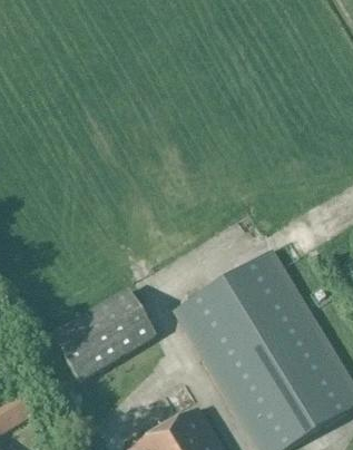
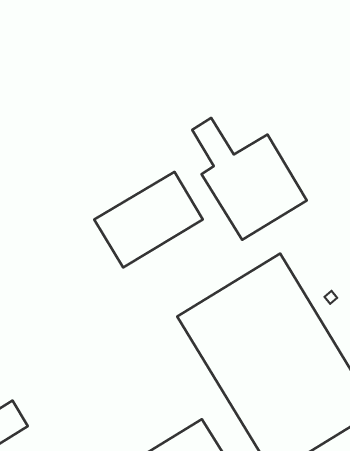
building: none -> [192,118,307,240]
building: [50,288,154,380] -> [94,172,203,267]

